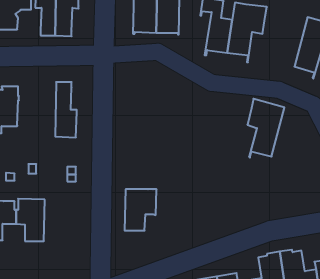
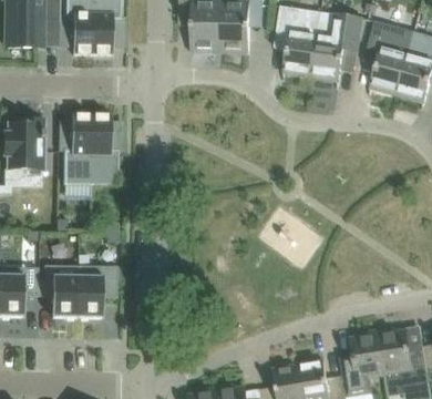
building: none -> [63,112,92,183]
building: [247,99,284,158] -> [367,19,414,94]
building: [125,189,157,231] -> [76,264,117,317]

